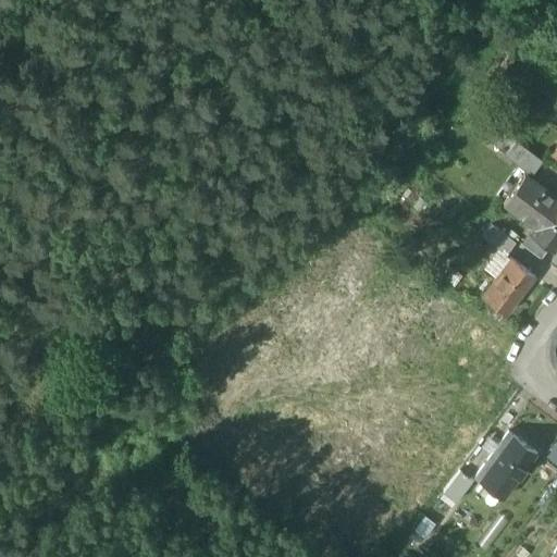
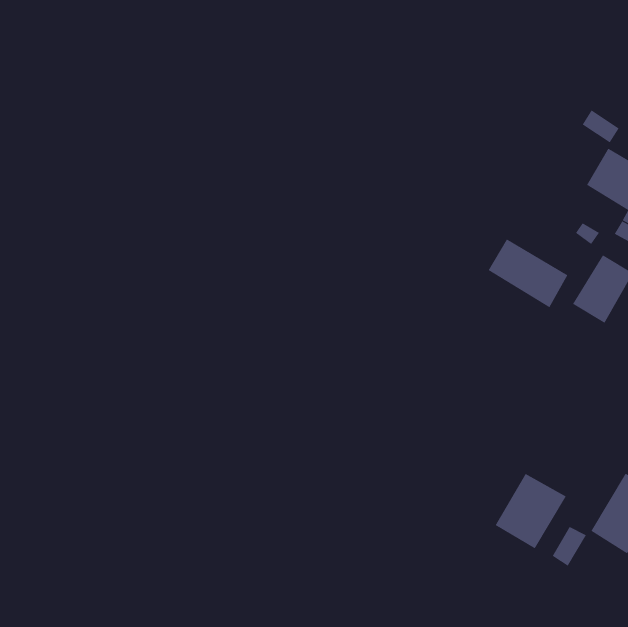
building: none -> [488,238,568,308]
building: none -> [495,473,567,549]

